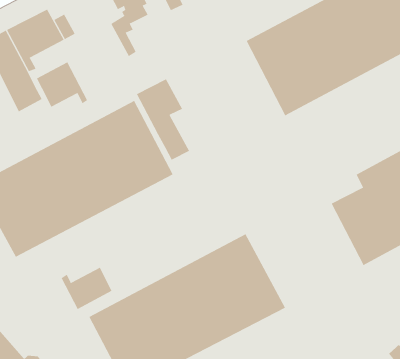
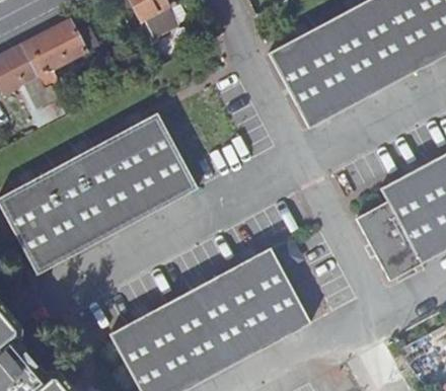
building: [36,61,88,108] -> none
building: [136,78,190,161] -> none
building: [61,267,112,310] -> none

